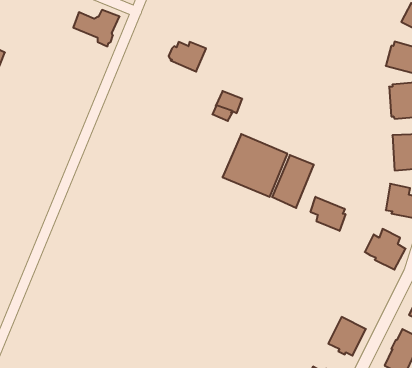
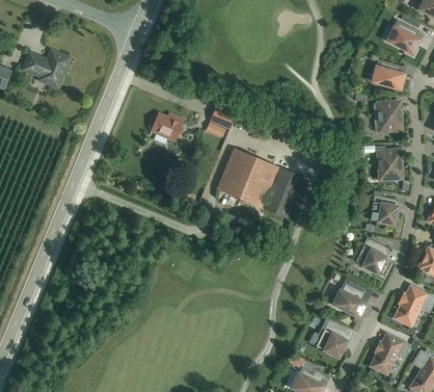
building: [73,10,120,46] -> [25,52,69,86]
building: [169,42,206,72] -> [148,112,184,140]
building: [311,197,345,231] -> none
building: none -> [330,278,370,319]

